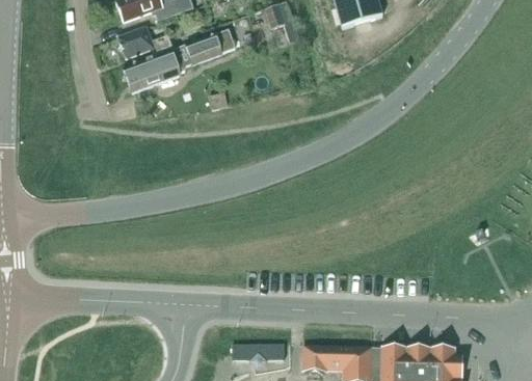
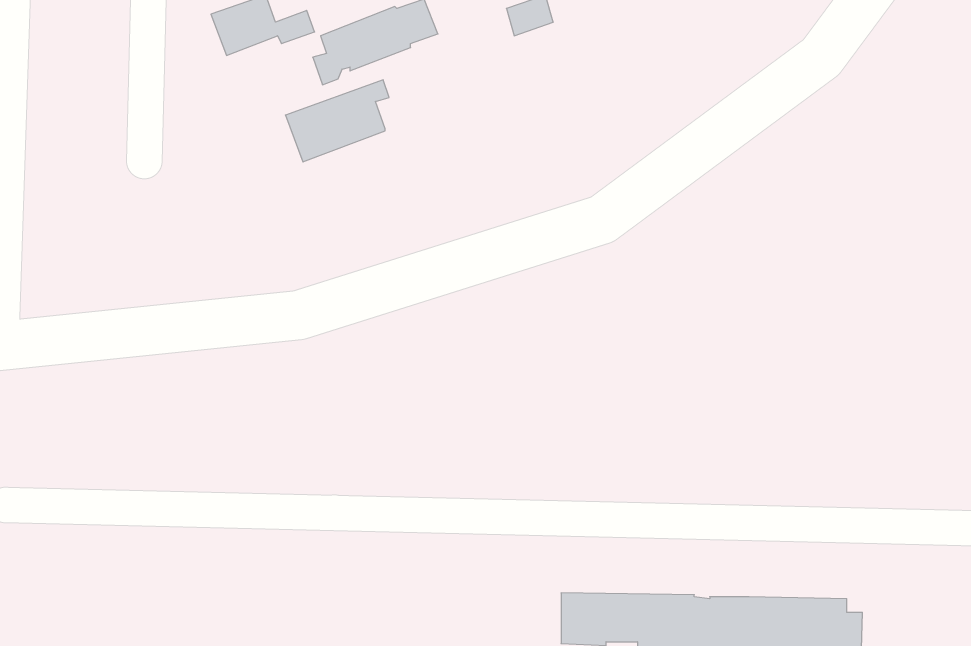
building: [123,49,178,92] -> [285,80,389,162]
building: [231,345,284,365] -> none

